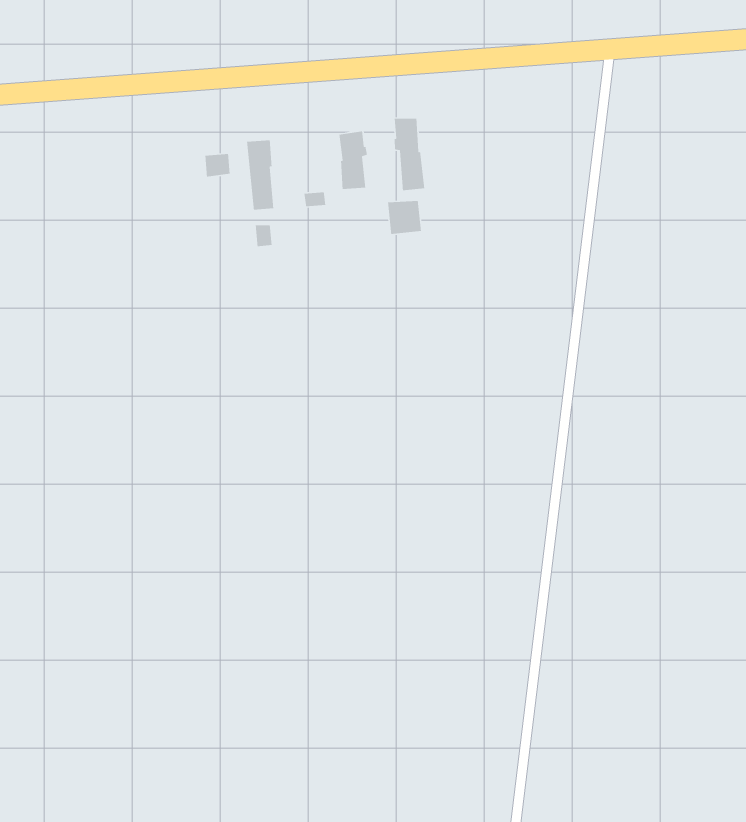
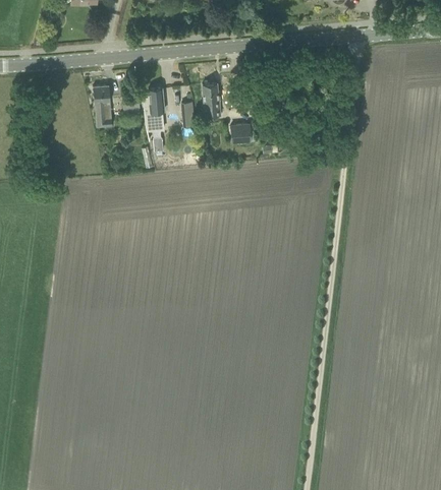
building: [394,118,425,191] -> none
building: none -> [93,85,112,126]

